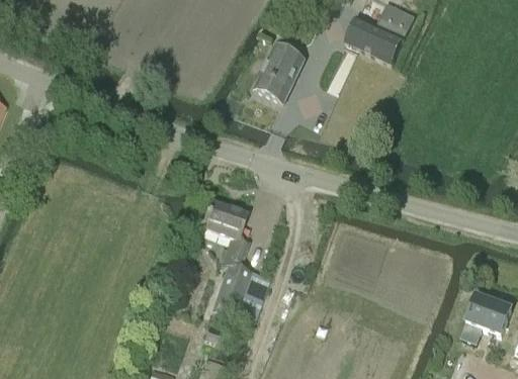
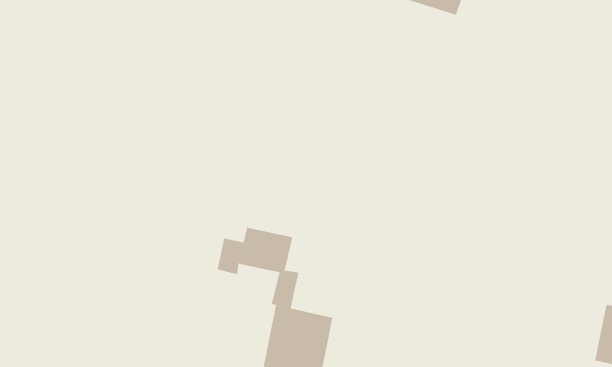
building: [253,40,306,99] -> none

